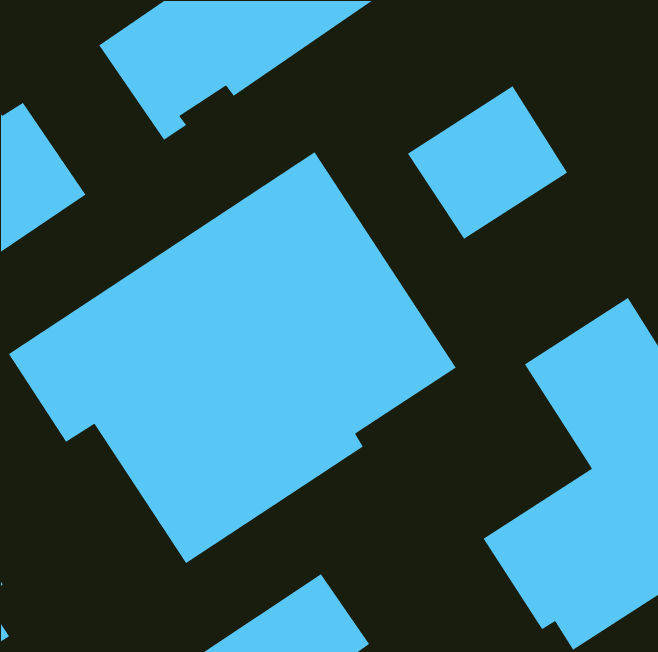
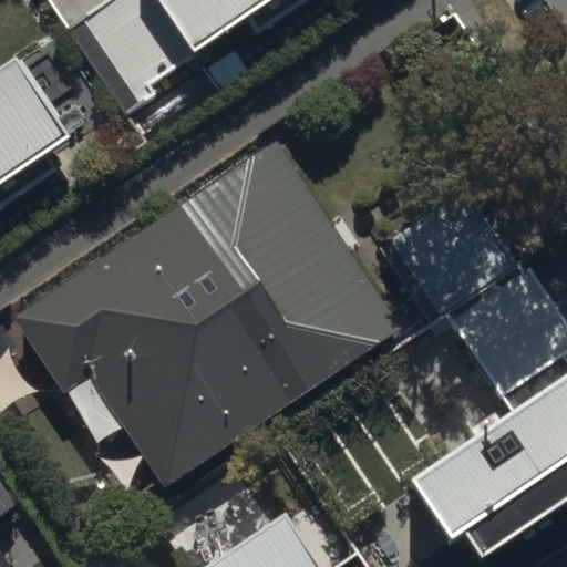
building: [407,85,568,240] -> [386,187,525,320]

